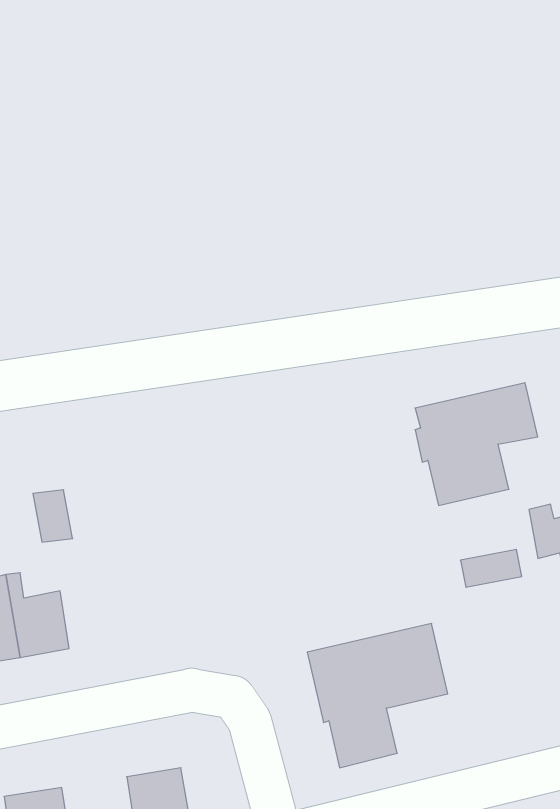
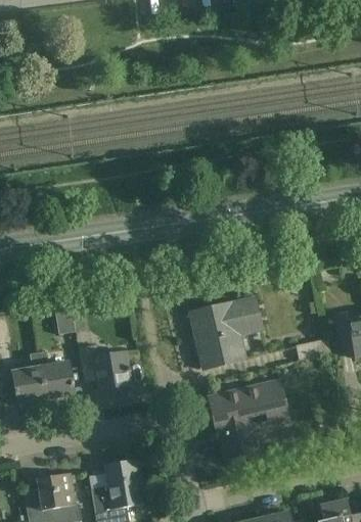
building: [415,383,538,505] -> [192,298,262,368]
building: none -> [79,345,131,390]

